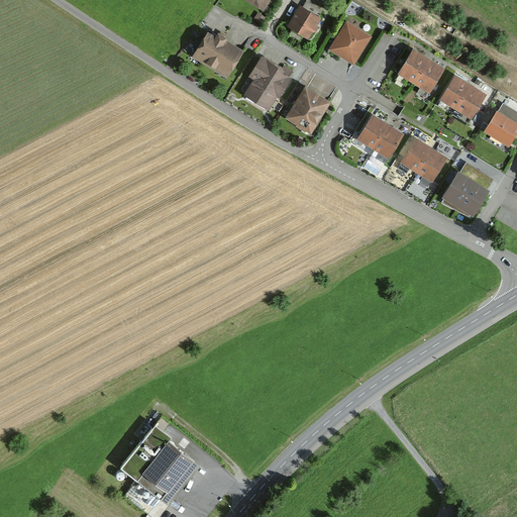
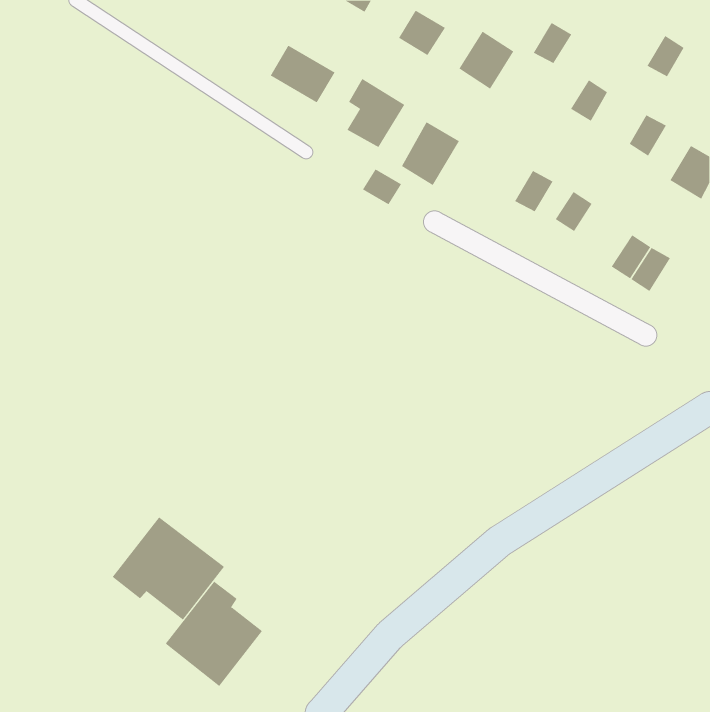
building: [397,49,425,80] -> [533,22,572,64]
building: [439,75,467,105] -> [647,35,684,77]
building: [356,115,385,146] -> none
building: none -> [362,168,402,205]
building: [415,148,442,178] -> none
building: none -> [112,517,225,620]

